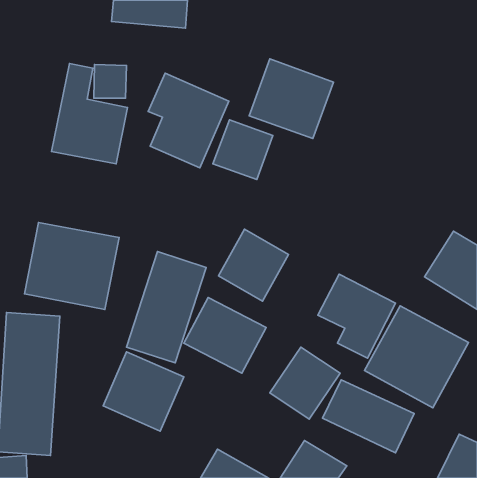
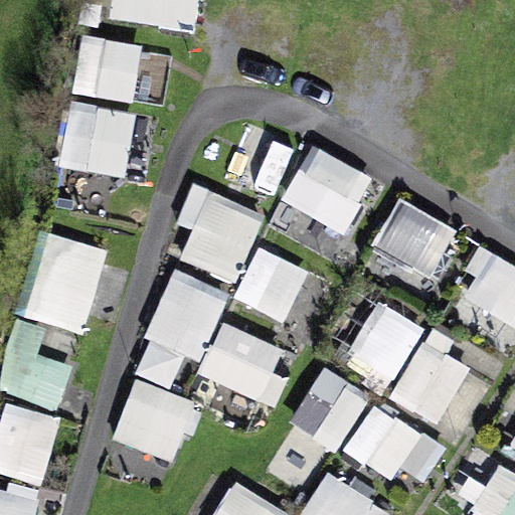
building: [249,59,334,138] -> [283,148,373,233]
building: [148,73,229,168] -> [177,182,264,284]
building: none -> [374,200,457,276]

